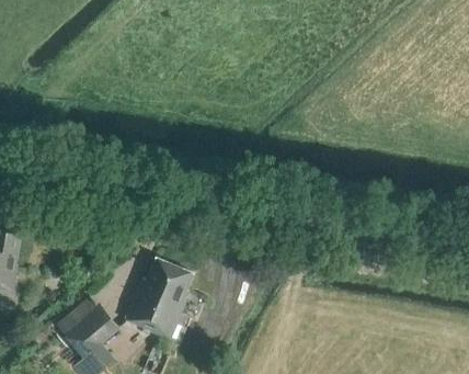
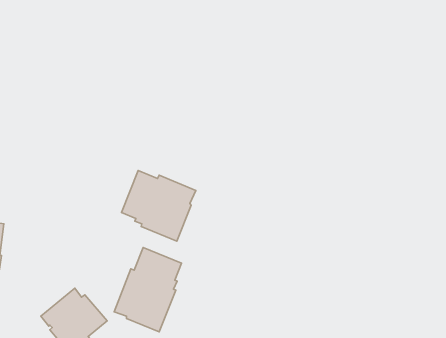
building: none -> [121,171,196,241]

